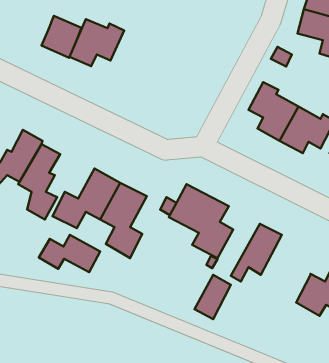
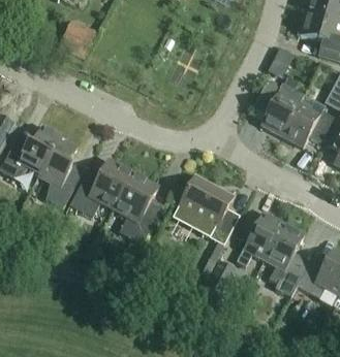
building: [70,19,124,66] -> none
building: [39,235,100,272] -> none
building: none -> [264,222,310,285]

